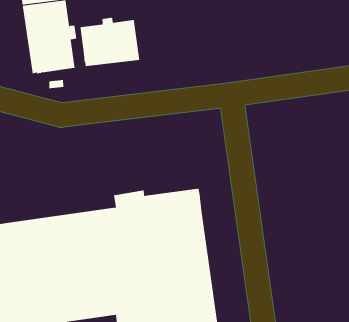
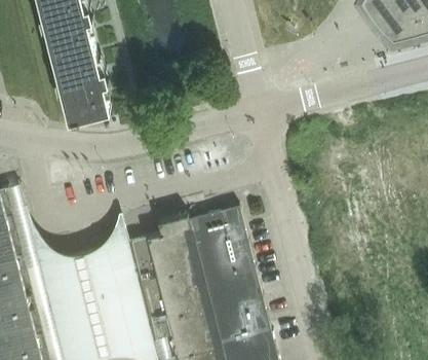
building: [80,17,140,68] -> none

